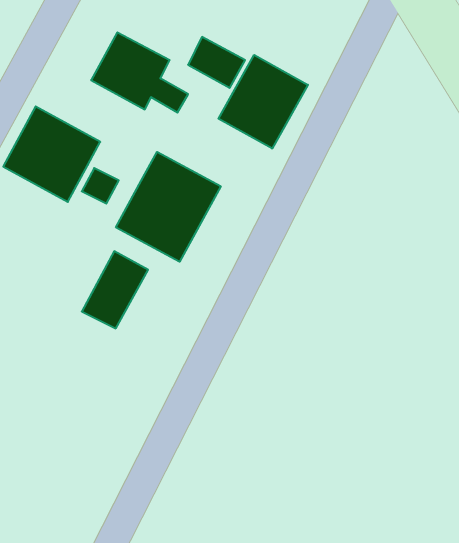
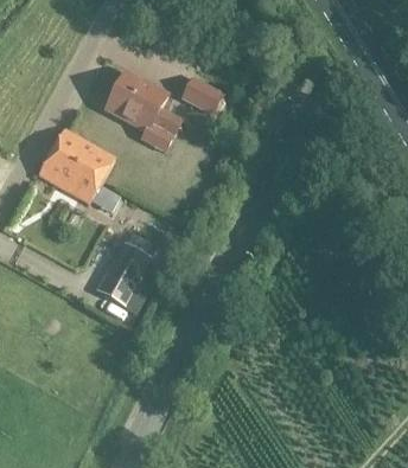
building: [218,55,308,149] -> none
building: [116,152,221,262] -> none

